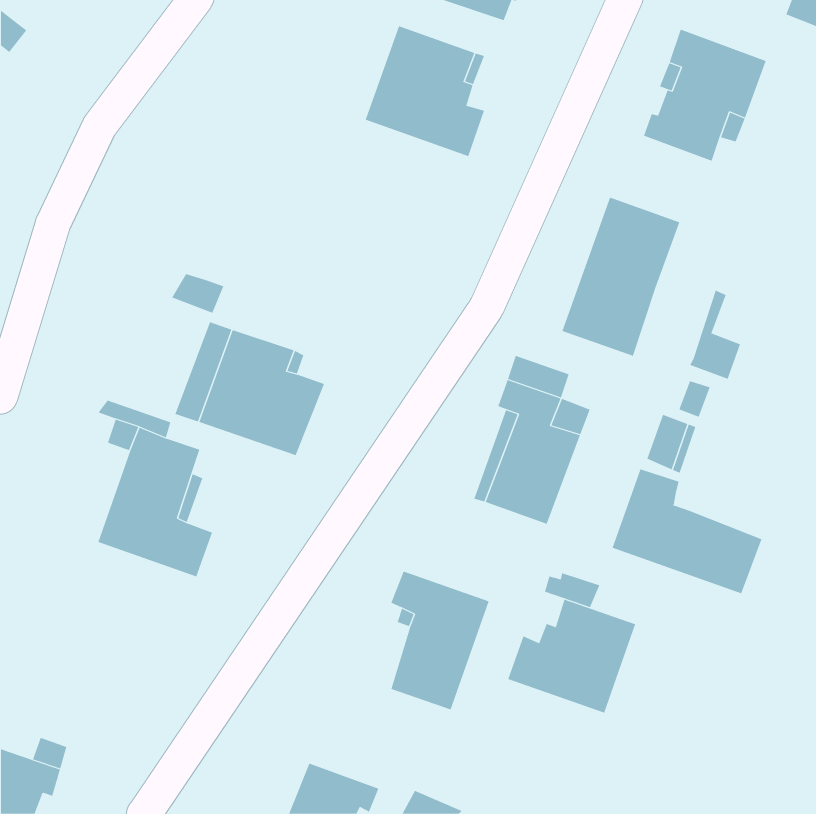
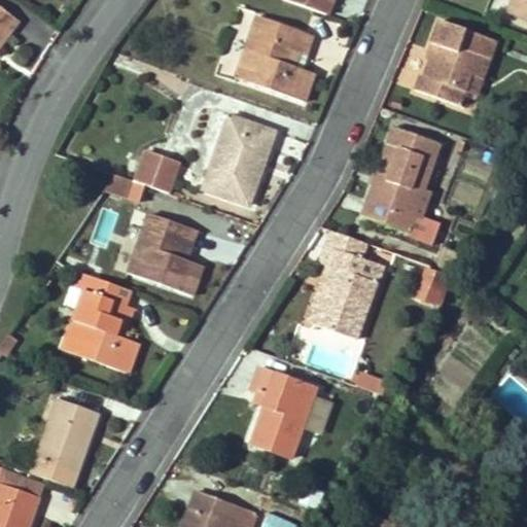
building: none -> [204,116,275,205]
building: none -> [134,150,179,192]
building: [690,290,741,379] -> [407,185,440,243]
building: [612,468,762,594] -> none
building: [507,599,636,714] -> none
building: none -> [31,398,99,486]

